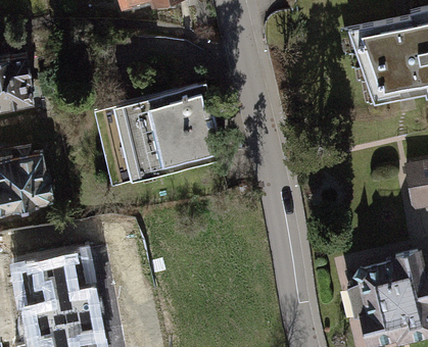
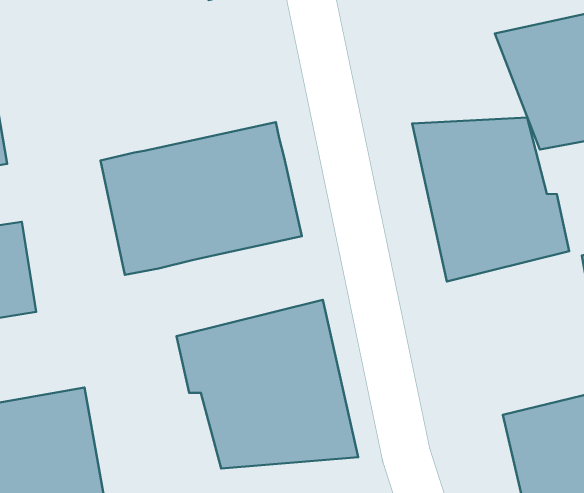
building: none -> [412,117,569,282]
building: none -> [177,300,358,469]

